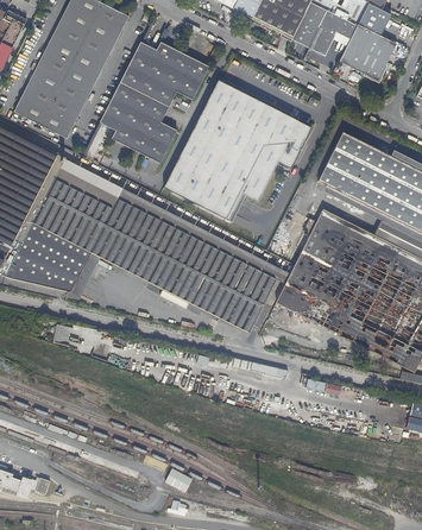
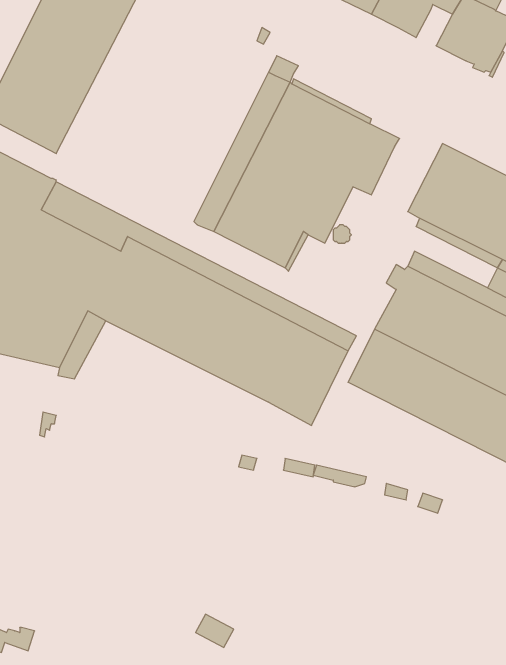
building: [99,40,208,162] -> none

